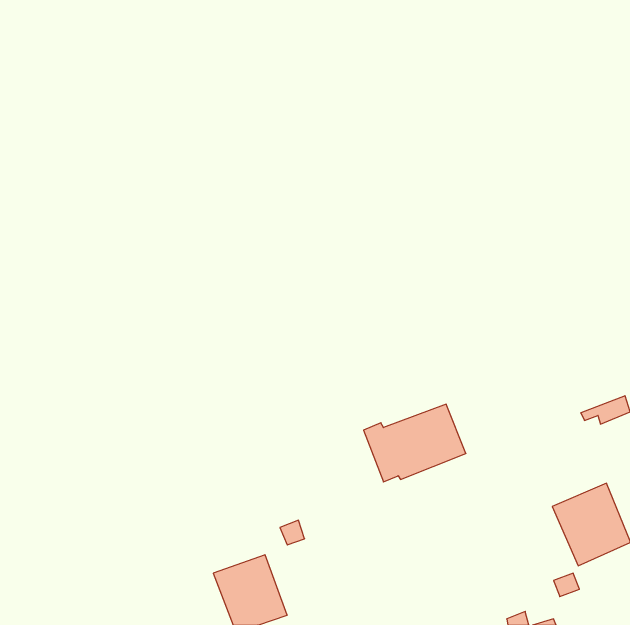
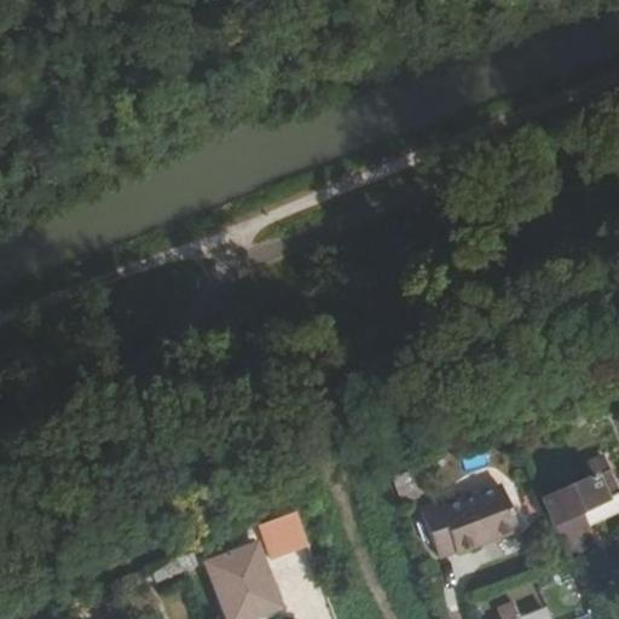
building: [364,404,466,482] -> [418,481,519,557]

